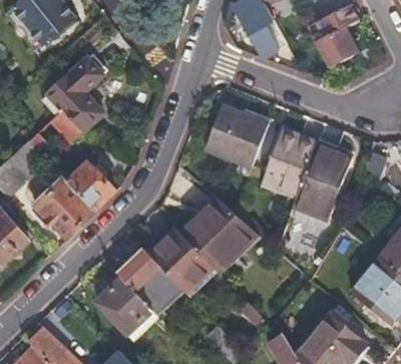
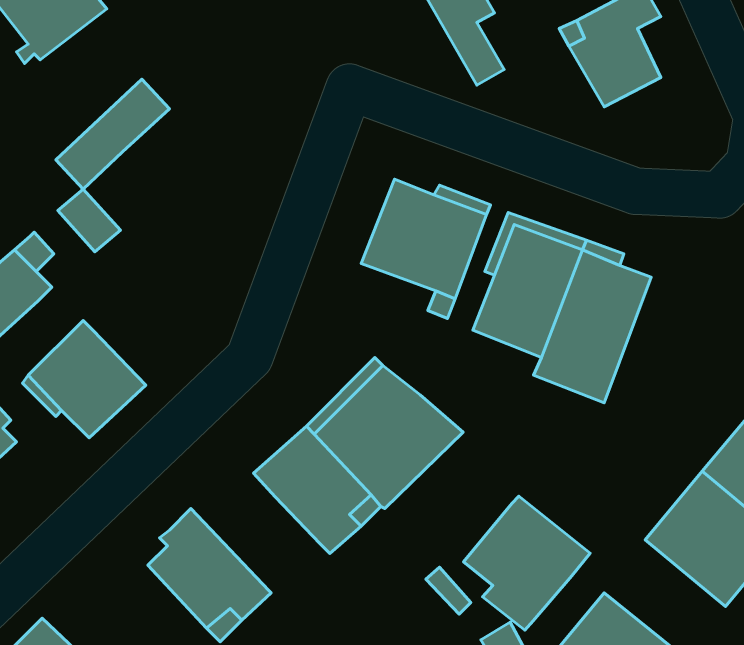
building: [62,90,101,130] -> none
building: [67,161,114,210] -> none
building: [117,249,183,315] -> none
building: none -> [464,496,590,630]

